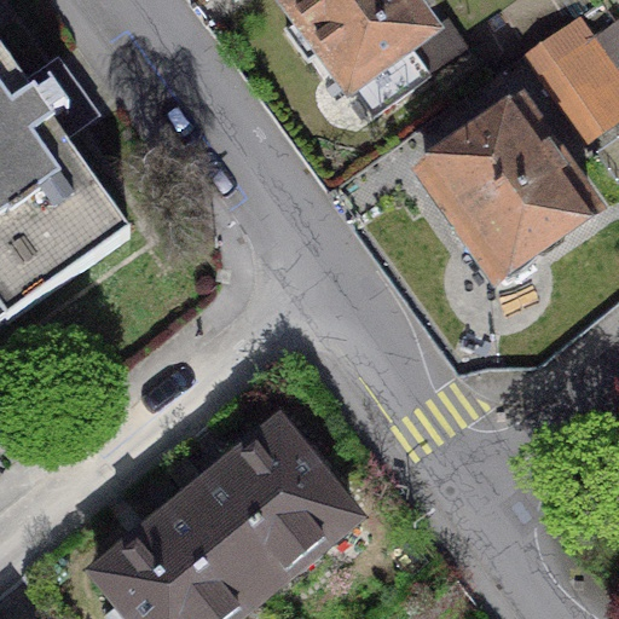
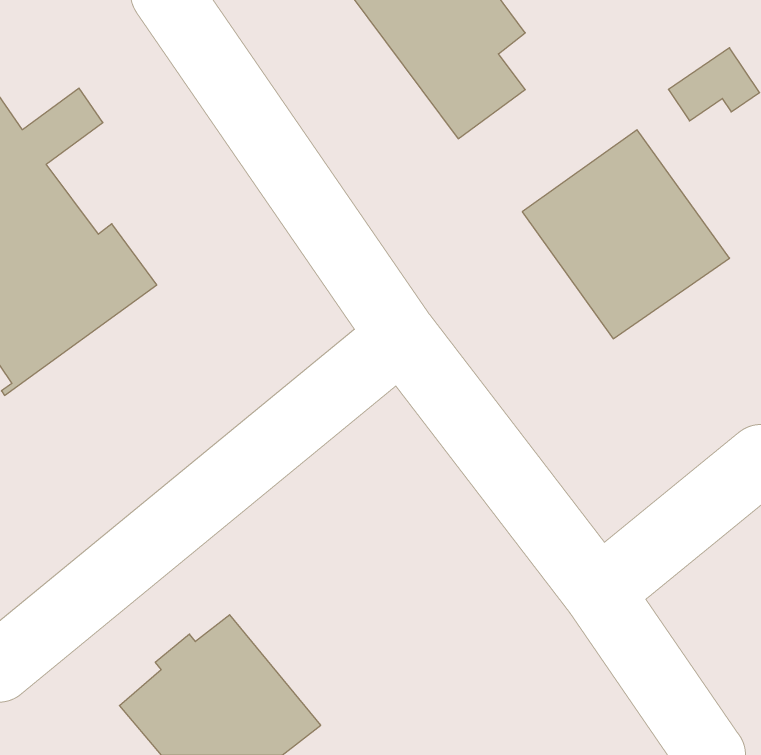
building: [186,426,349,588] -> none

